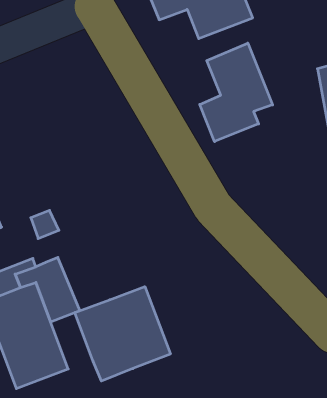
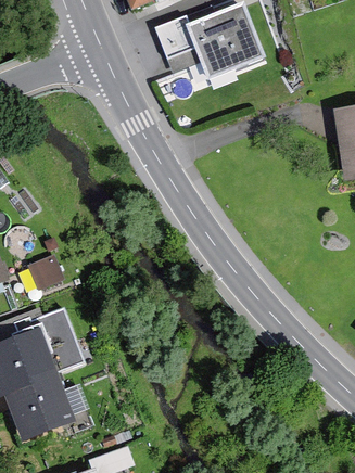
building: [200,43,273,142] -> none
building: [75,287,170,381] -> none

